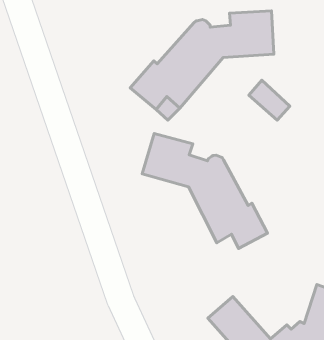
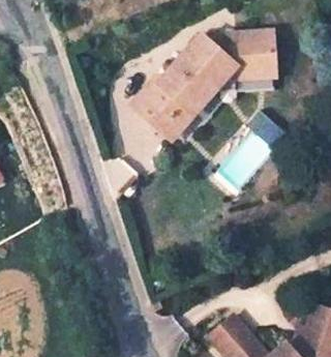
building: [142,134,268,248] -> none

